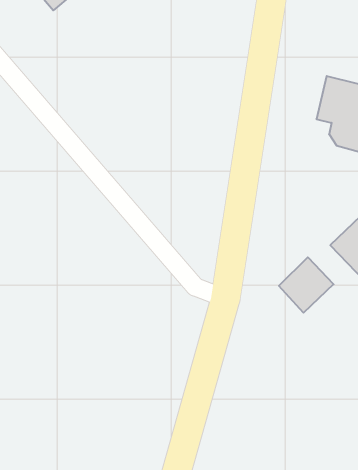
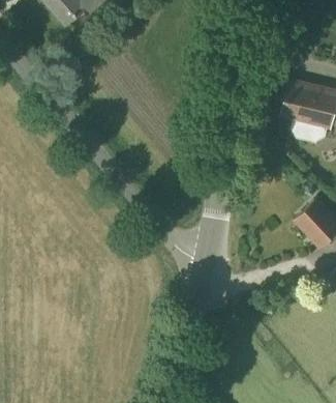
building: [279,257,334,313] -> none

